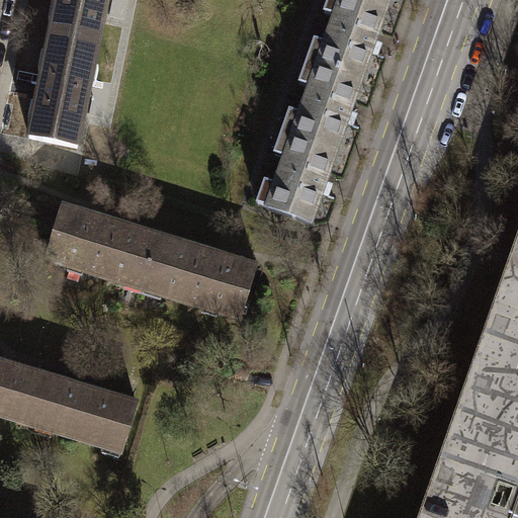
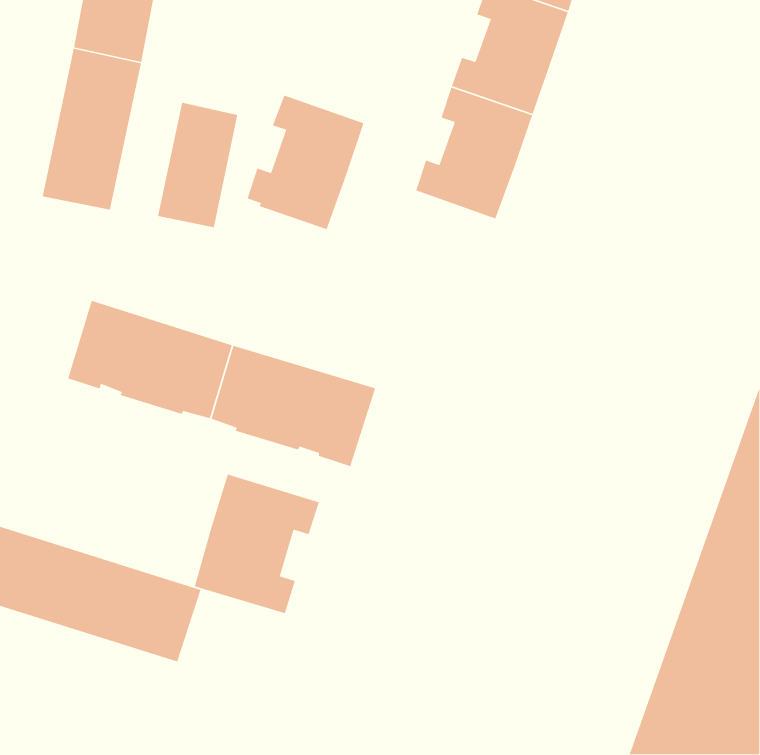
building: none -> [157,102,238,228]
building: [256,130,336,222] -> [247,94,364,230]
building: none -> [194,474,320,614]

